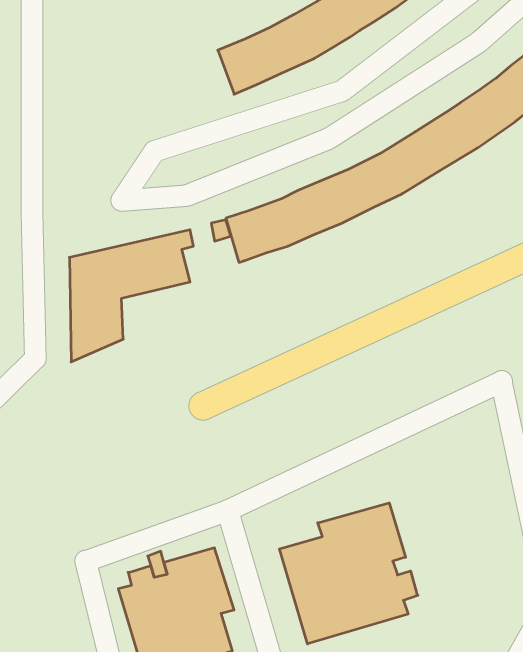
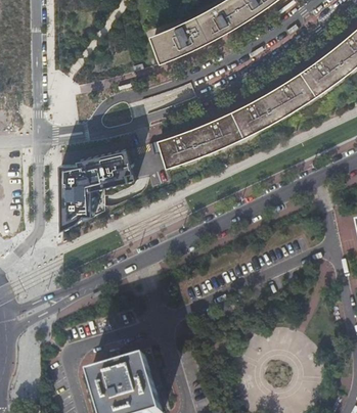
building: [279,503,418,644] -> none

